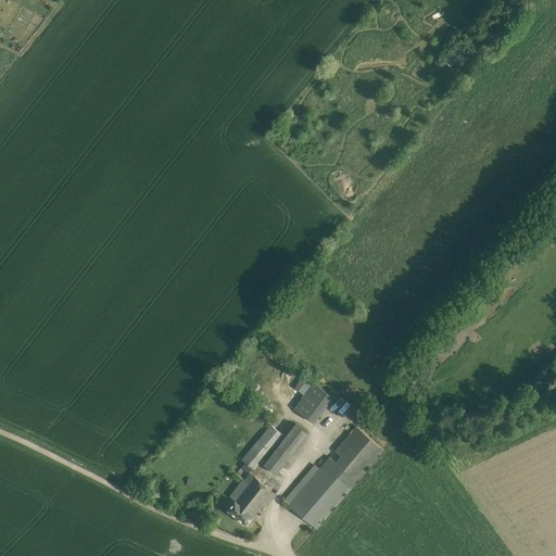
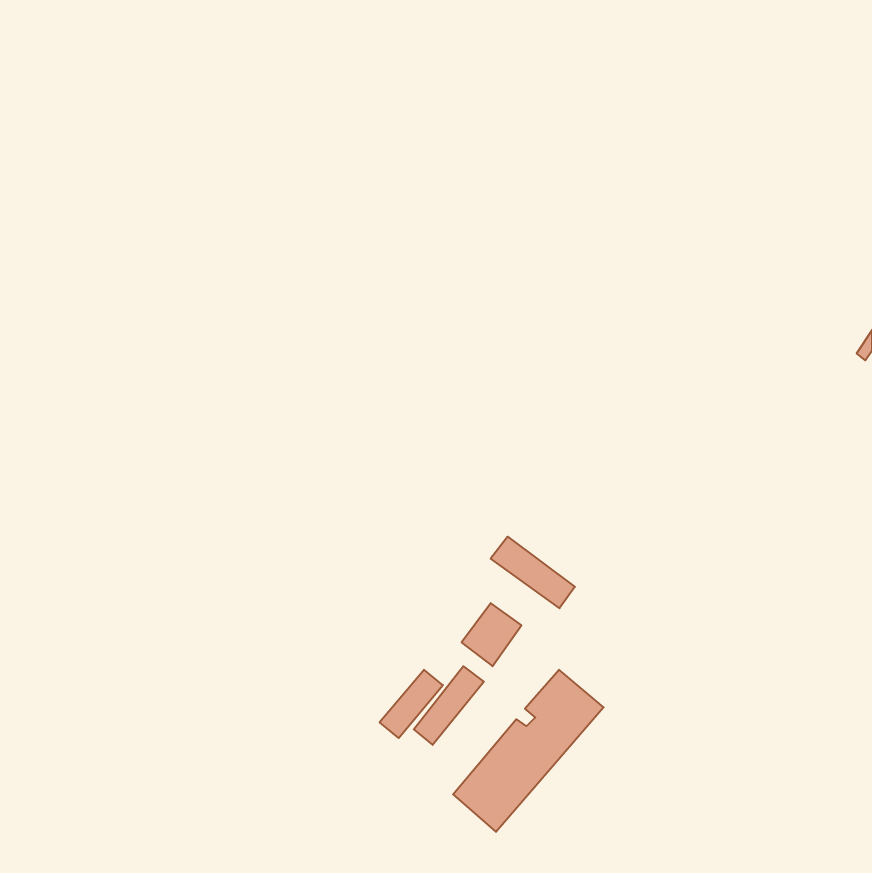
building: none -> [491,537,575,608]
building: [227,477,270,525] -> none

